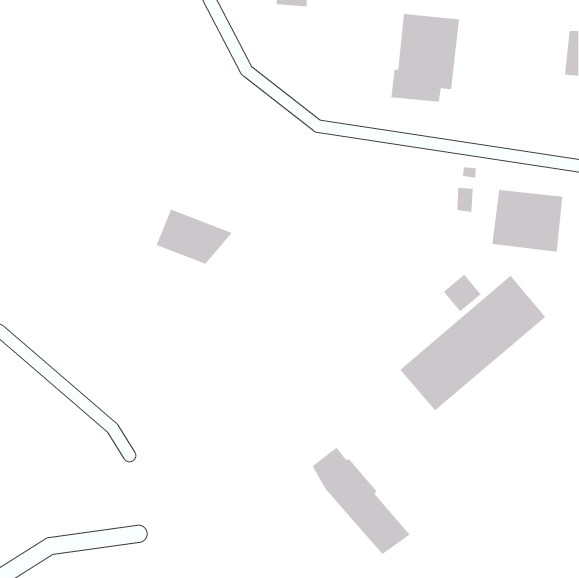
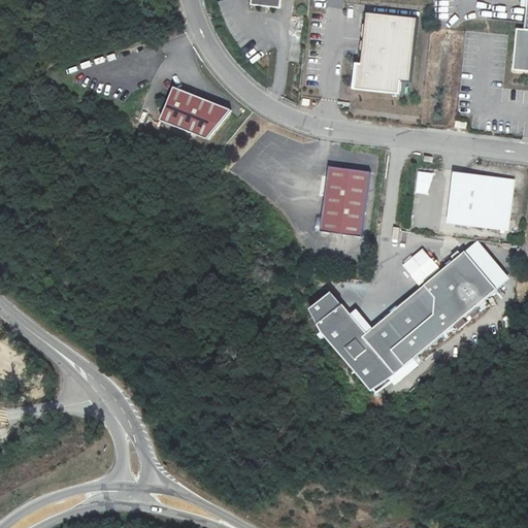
building: none -> [321,165,370,235]
building: [156,209,233,265] -> [160,87,230,137]
building: none -> [464,240,508,288]
building: [312,447,410,555] -> [305,294,395,392]

